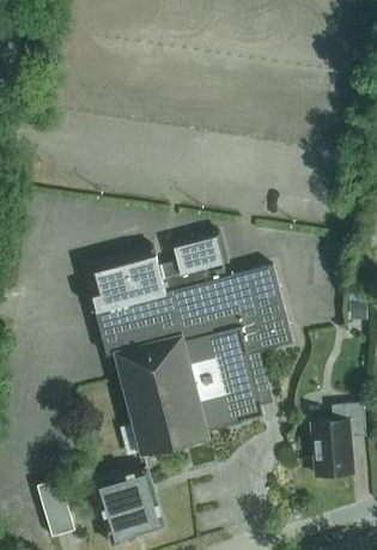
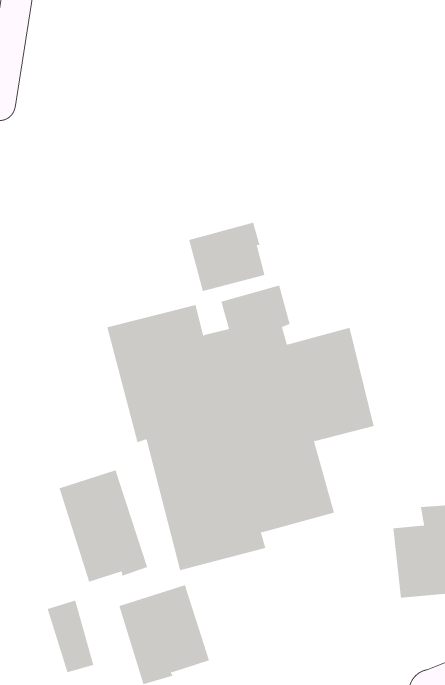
building: none -> [189,222,265,292]
building: none -> [59,470,148,583]

